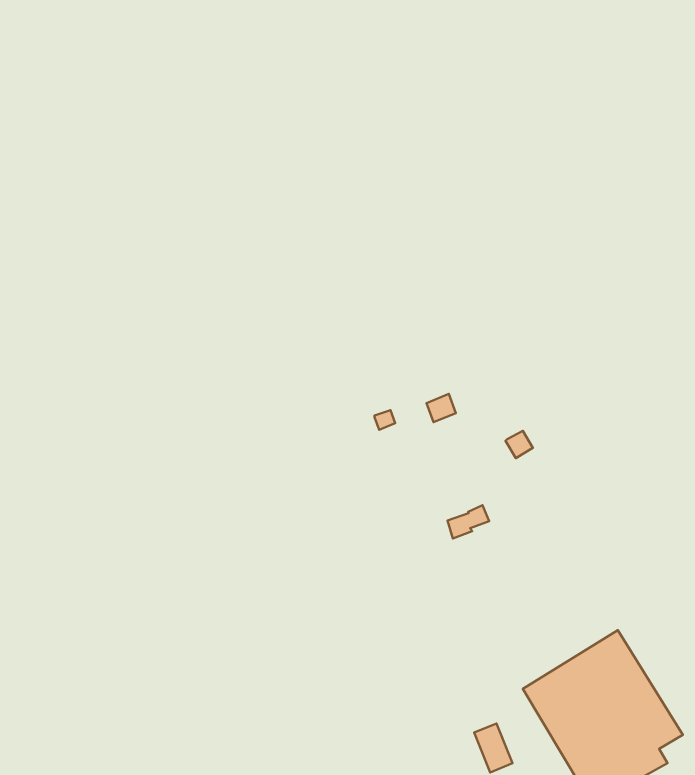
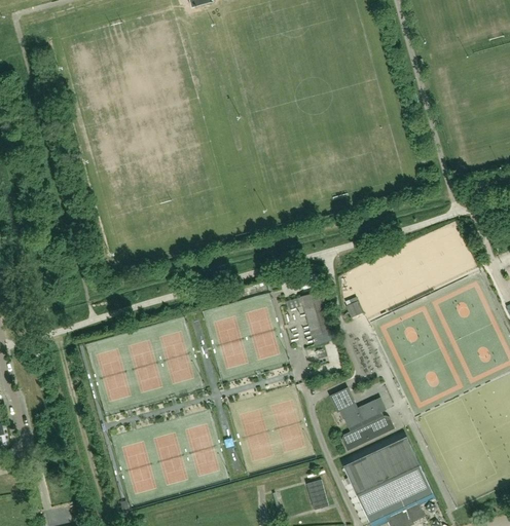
building: none -> [299,291,334,345]
building: none -> [329,387,394,451]

